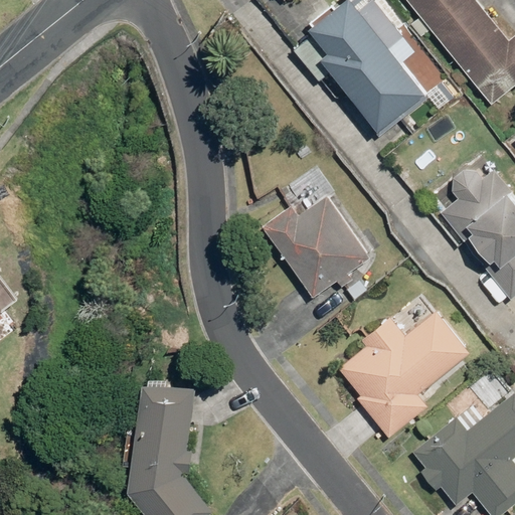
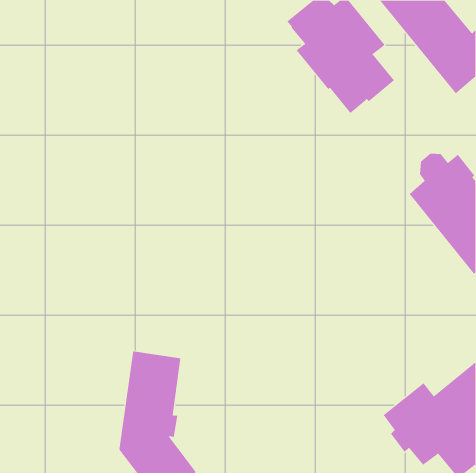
building: [262,196,370,298] -> none
building: [338,311,470,439] -> none

